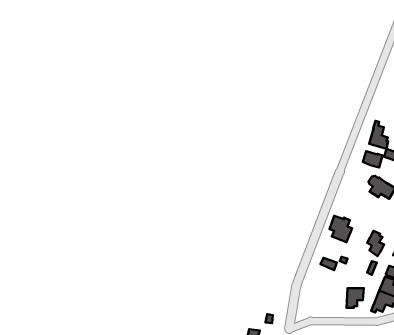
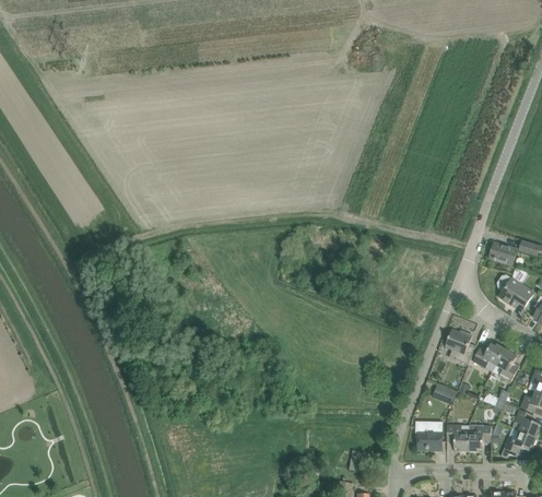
building: [369,121,388,149] -> none
building: none -> [472,343,504,367]
building: none -> [414,421,441,450]
building: none -> [446,425,469,451]

